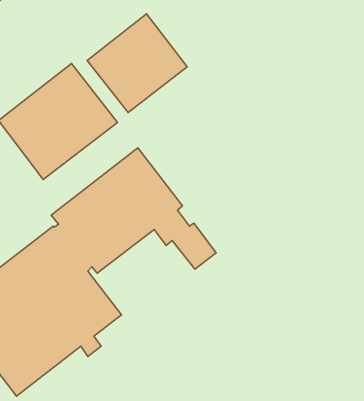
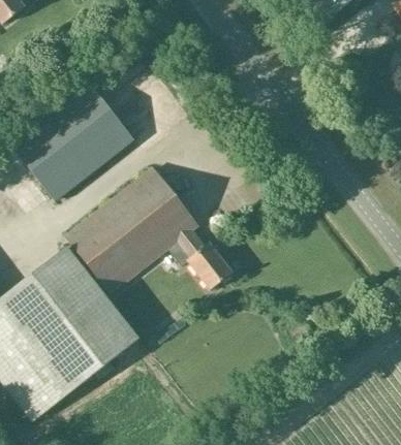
building: [87,14,187,112] -> none

